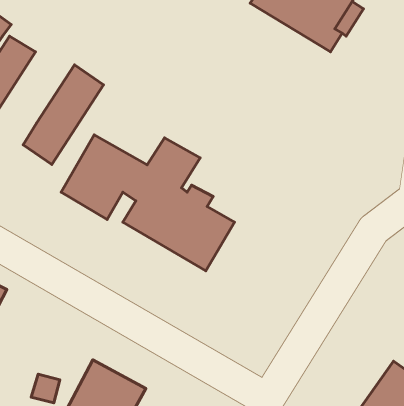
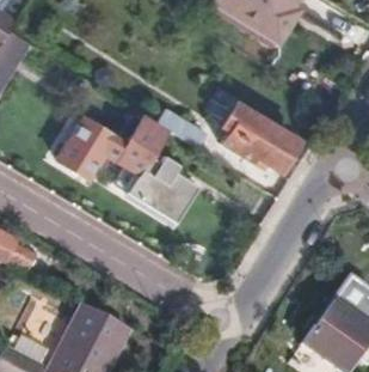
building: [23,65,103,165] -> none
building: none -> [220,99,305,173]

